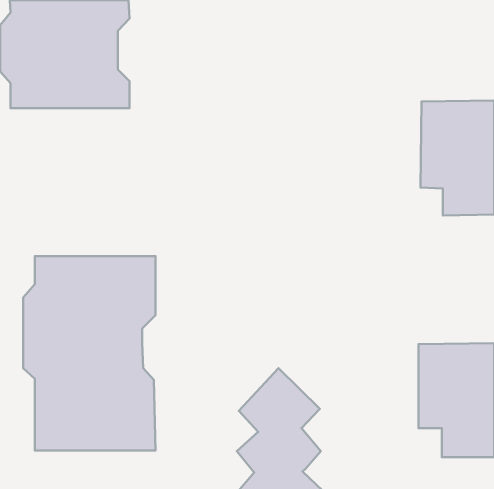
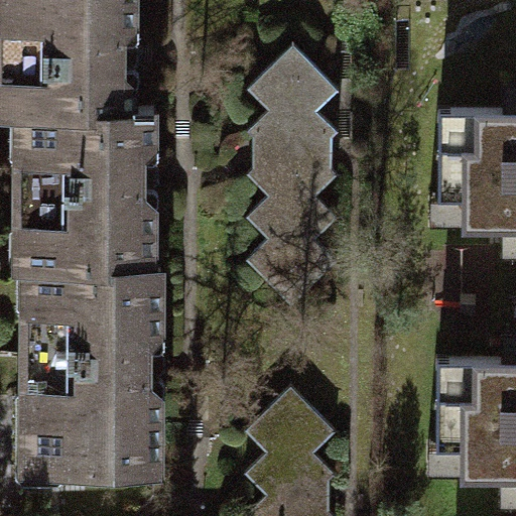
building: none -> [245,46,340,305]
building: none -> [16,110,153,272]

